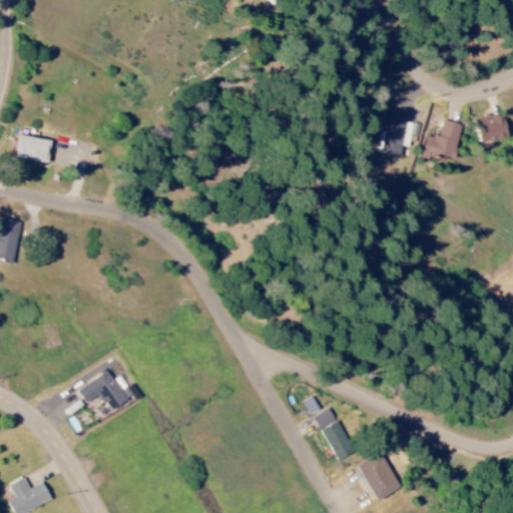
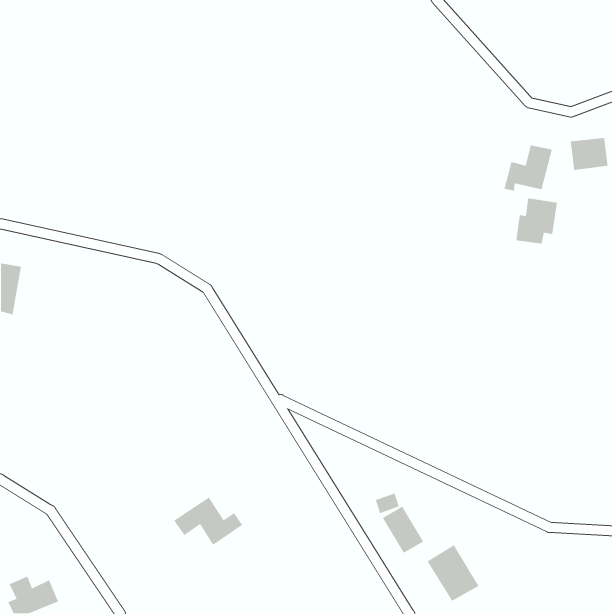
building: [379,116,414,155] -> [516,197,558,244]
building: [15,134,53,163] -> none
building: [78,370,136,411] -> [173,496,243,546]

